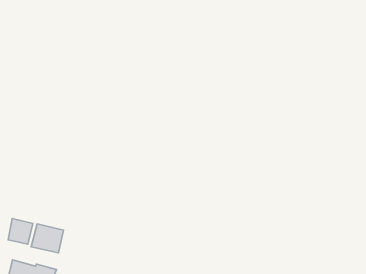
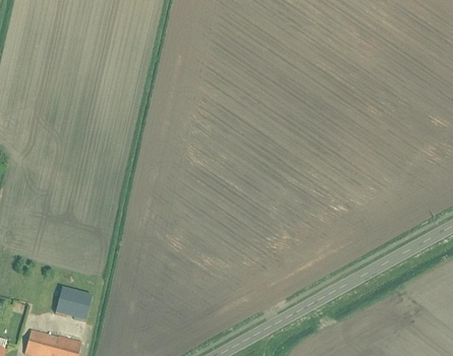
building: [8,219,33,244] -> none

